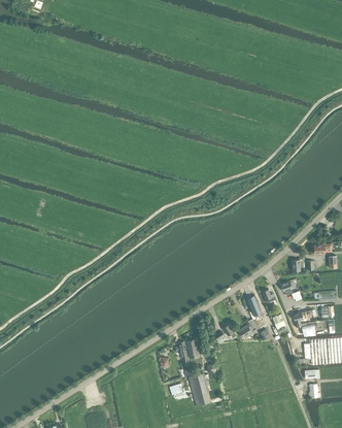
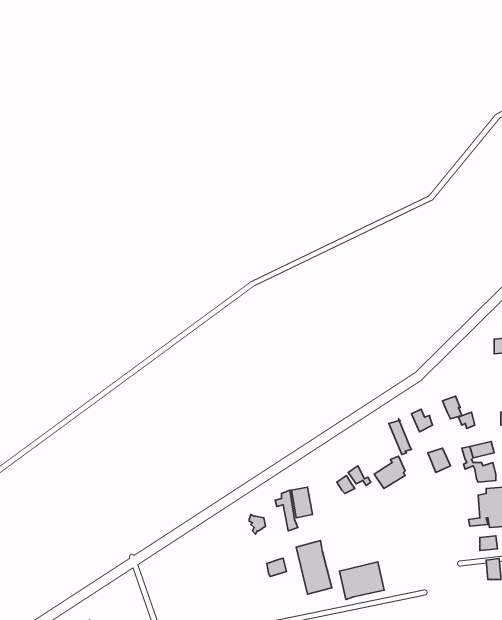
building: none -> [340,562,384,599]

